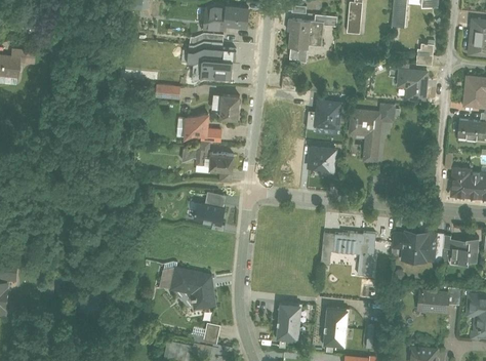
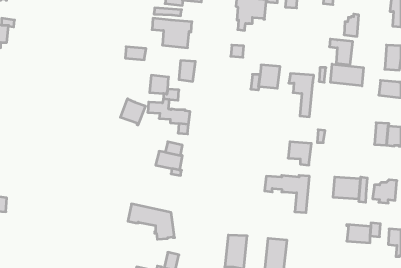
building: none -> [331,64,363,86]
building: none -> [120,99,145,125]
building: [307,149,334,176] -> [288,142,311,165]

